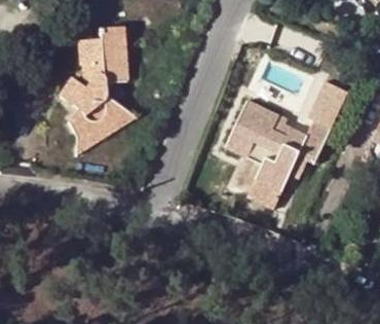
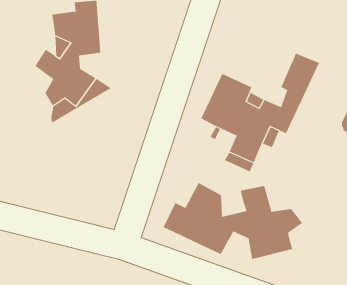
building: none -> [163,182,303,260]

